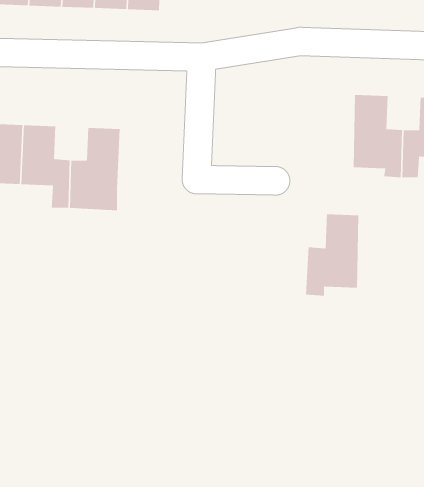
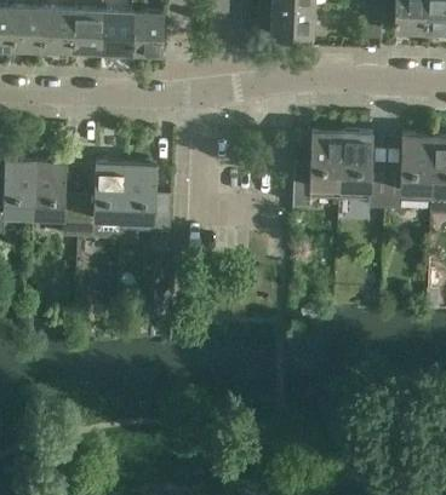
building: none -> [122,162,170,251]
building: [305,214,359,296] -> [291,129,341,206]

